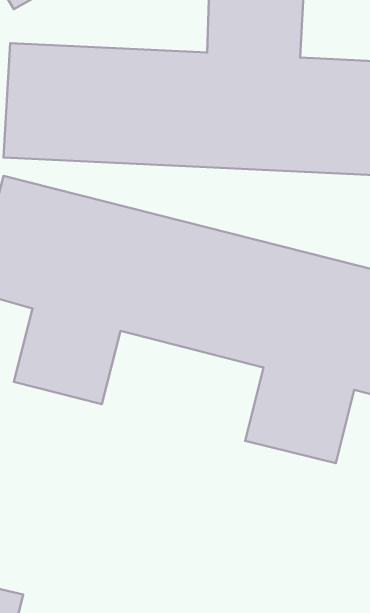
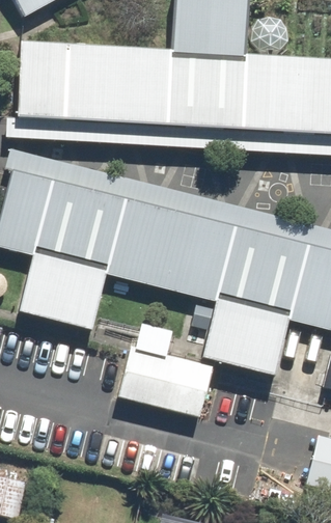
building: none -> [118,342,214,419]

